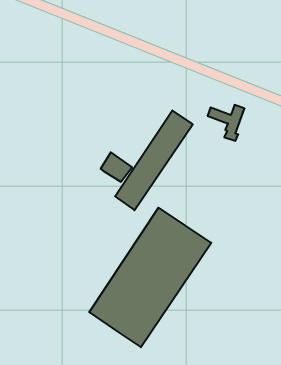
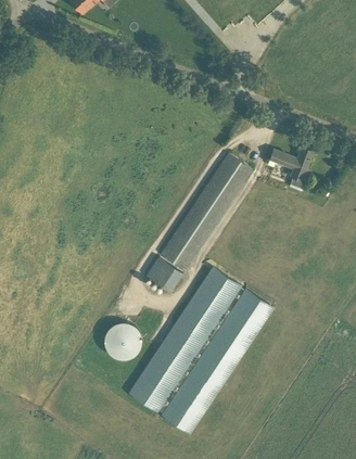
building: [101,152,132,182] -> [145,256,182,291]
building: none -> [107,323,139,358]

